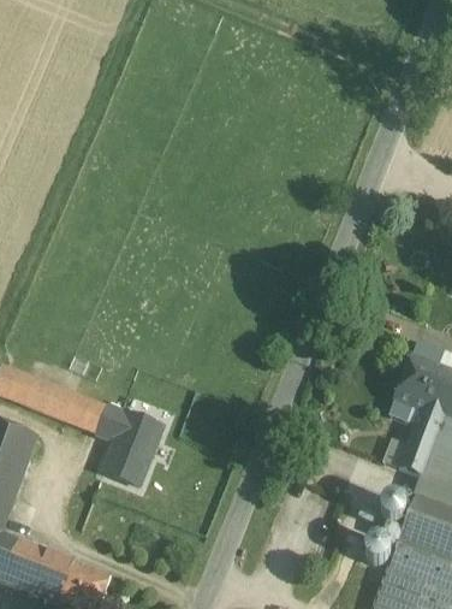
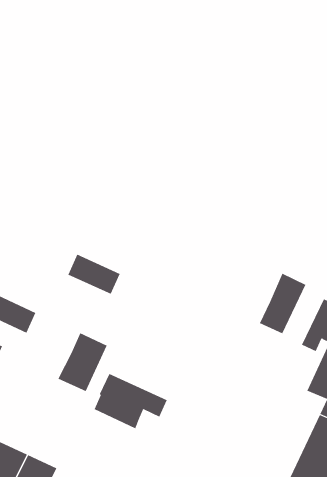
building: none -> [259,273,306,334]
building: [69,394,131,439] -> [68,254,120,295]
building: none -> [94,373,168,429]

